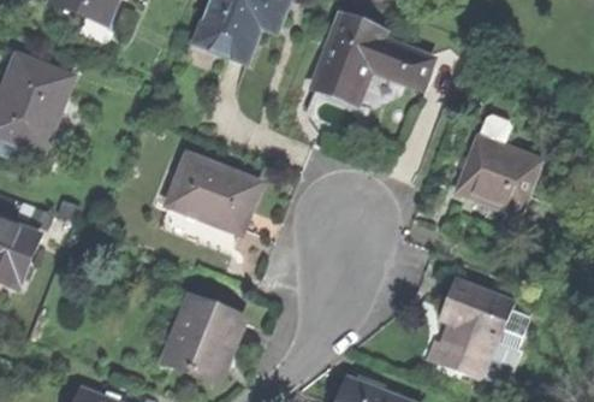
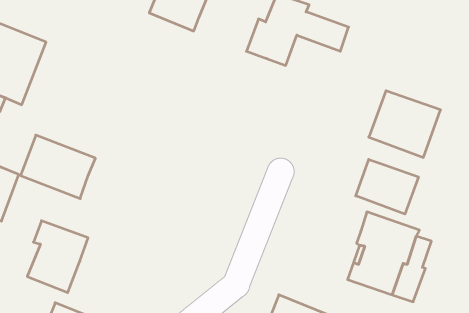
building: [167,155,256,231] -> [20,135,95,199]
building: none -> [356,159,418,214]
building: [170,296,242,382] -> [27,221,88,293]

